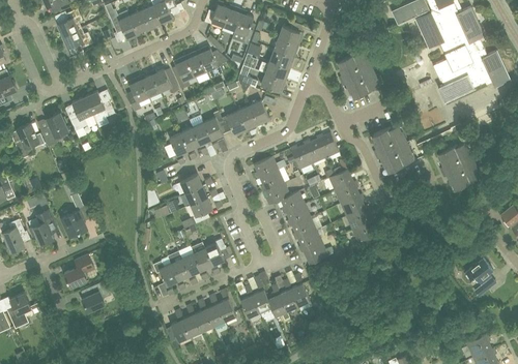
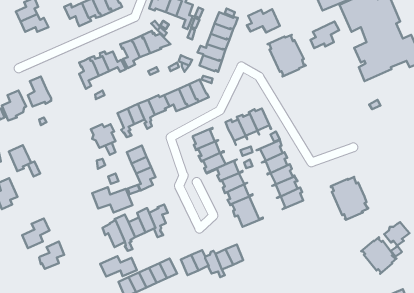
building: none -> [247,9,280,33]
building: none -> [311,22,339,48]
building: [84,91,114,121] -> none
building: [370,125,412,172] -> none
building: [437,142,479,189] -> [331,177,368,220]
building: none -> [91,124,116,148]
building: [61,210,86,239] -> [9,145,31,171]
building: none -> [92,187,132,213]
building: none -> [361,237,396,274]
building: none -> [100,256,137,277]

